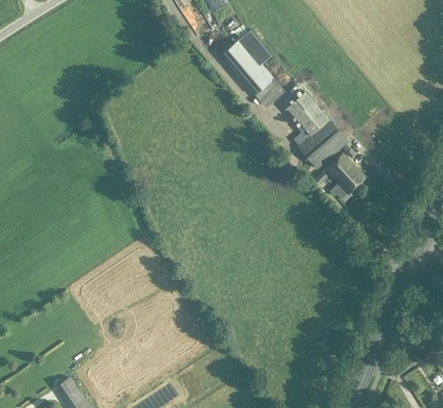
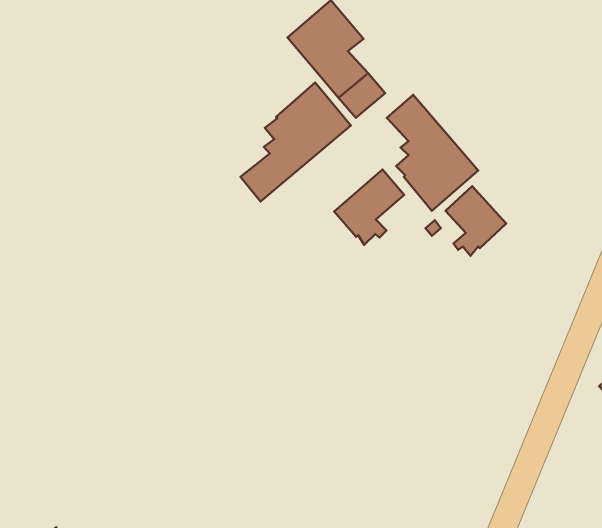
building: none -> [240,83,351,201]
building: none -> [334,169,404,245]

